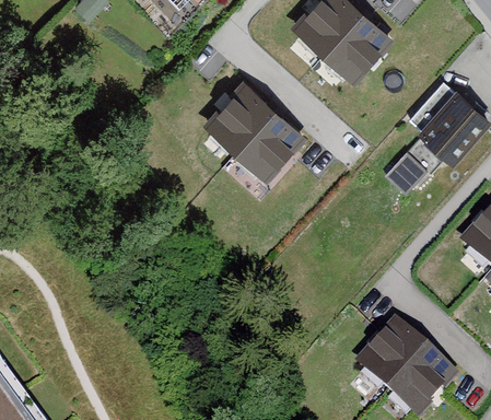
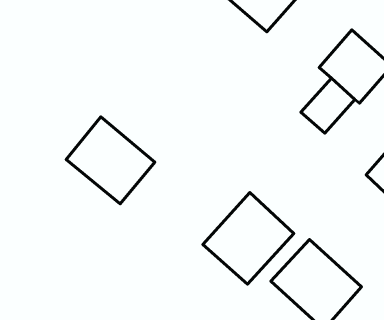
building: [204,84,305,183] -> [66,117,155,204]
building: none -> [203,193,294,284]

